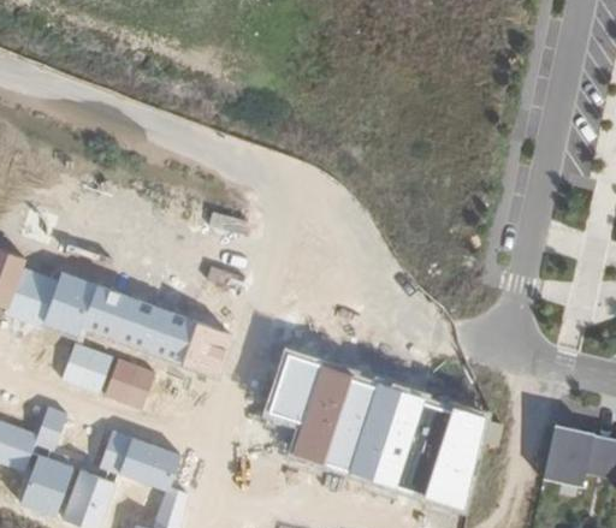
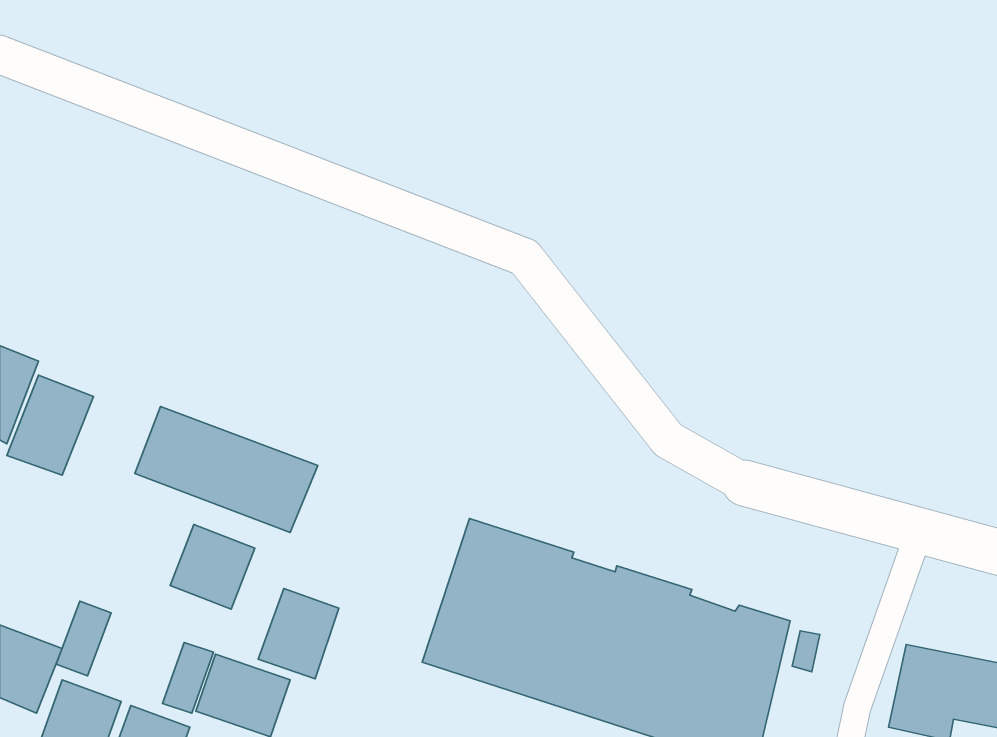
building: [45,272,95,337] -> none
building: [183,321,232,376] -> [258,589,339,679]
building: [61,343,113,394] -> none

